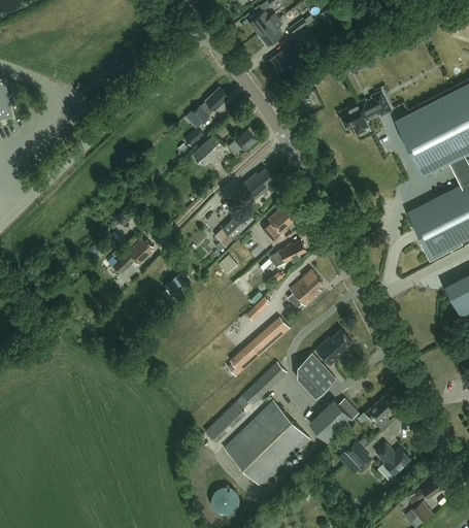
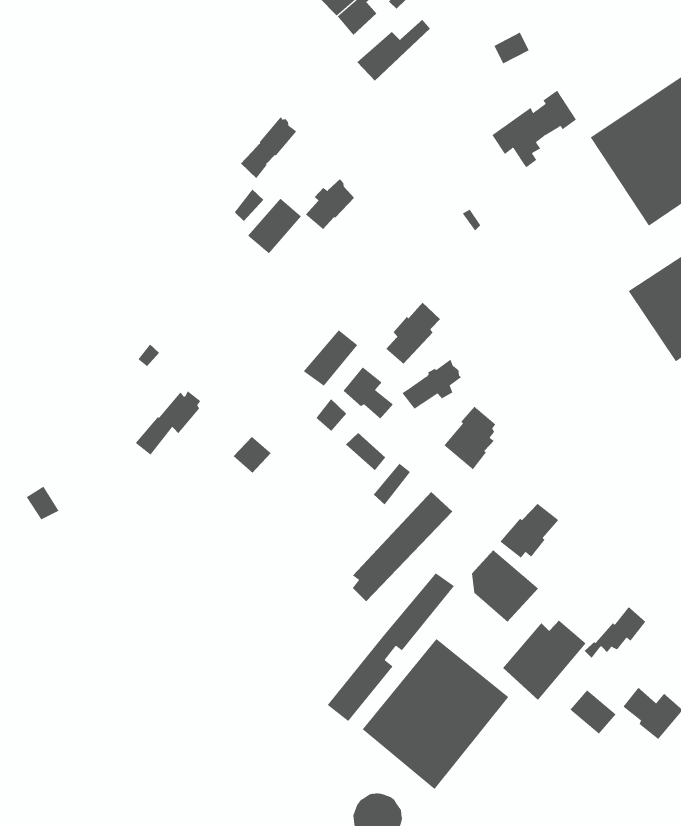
building: [239,169,277,202] -> none
building: none -> [343,367,394,419]

